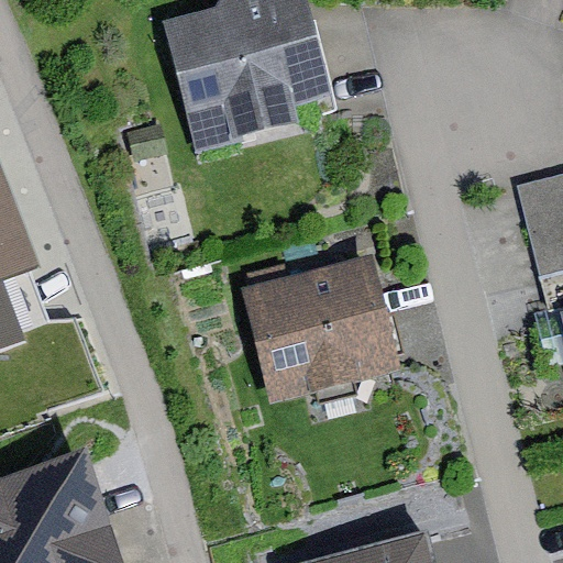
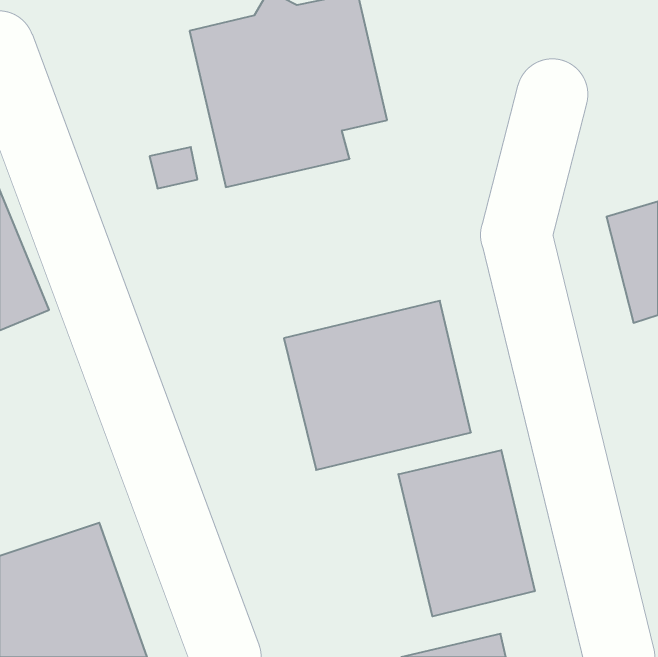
building: none -> [398,450,535,616]

